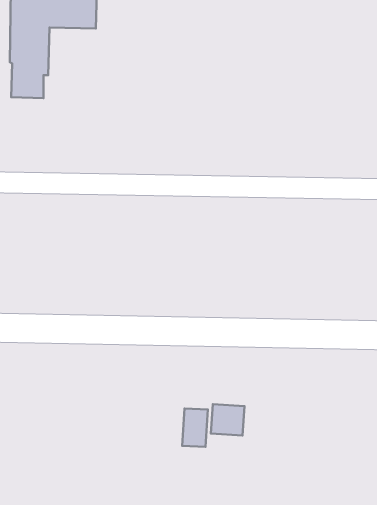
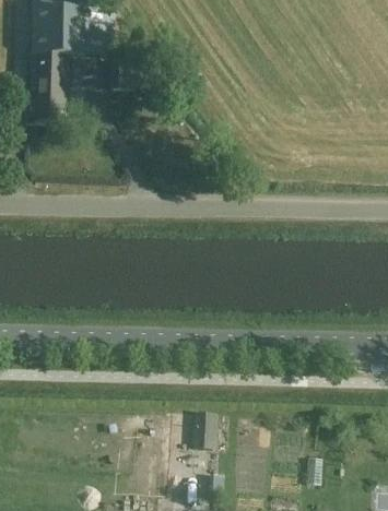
building: [211,404,245,435] -> none

